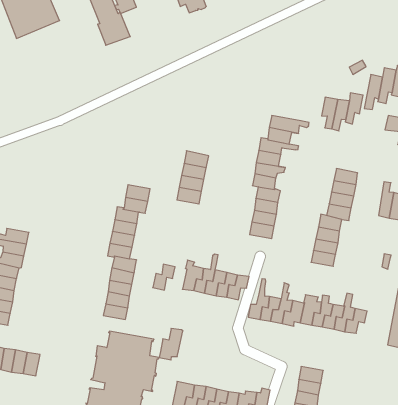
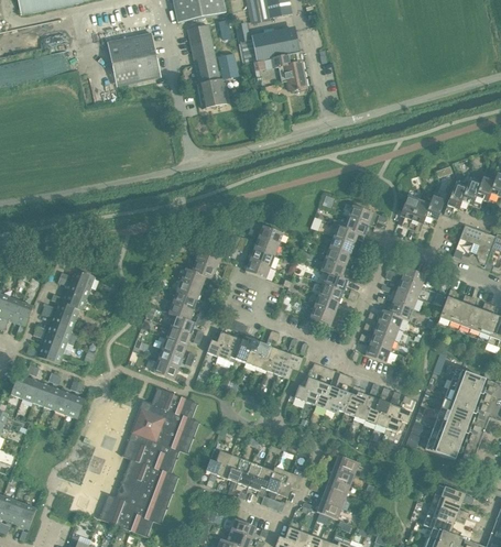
building: [159,328,183,360] -> [215,335,242,365]

